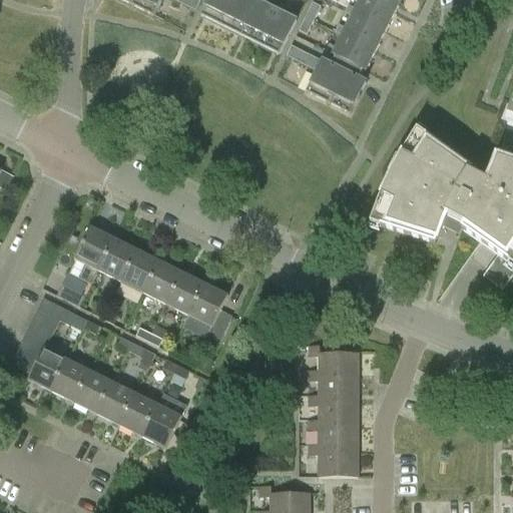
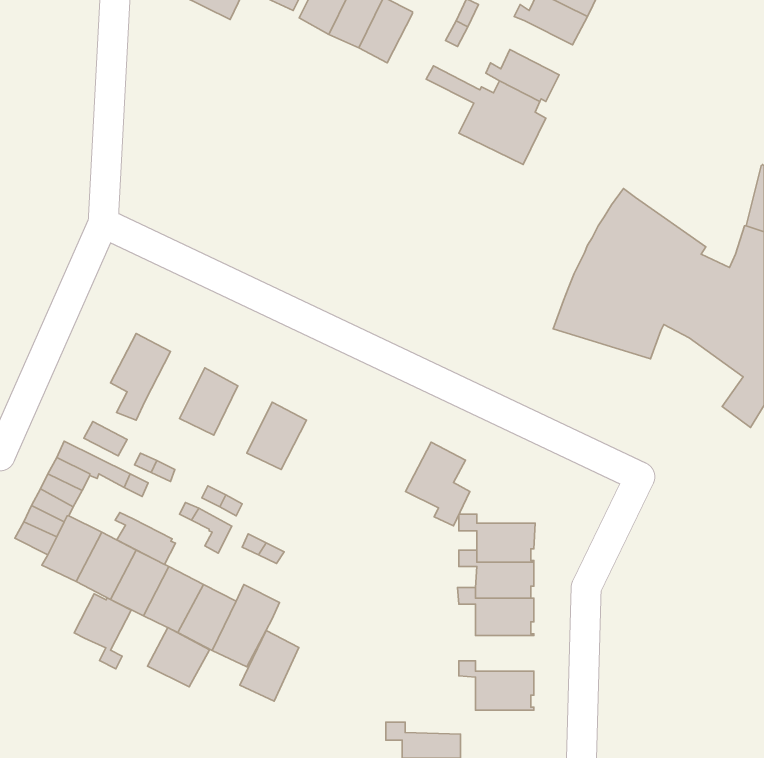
building: [260,8,297,52] -> none
building: [335,14,384,50] -> none
building: [97,235,137,281] -> none
building: [143,259,182,304] -> none
building: [188,282,231,338] -> [406,442,470,526]
building: none -> [115,512,176,564]
building: none -> [74,594,131,669]
building: [307,419,358,450] -> none
building: none -> [147,628,209,687]
building: none -> [240,630,299,701]

